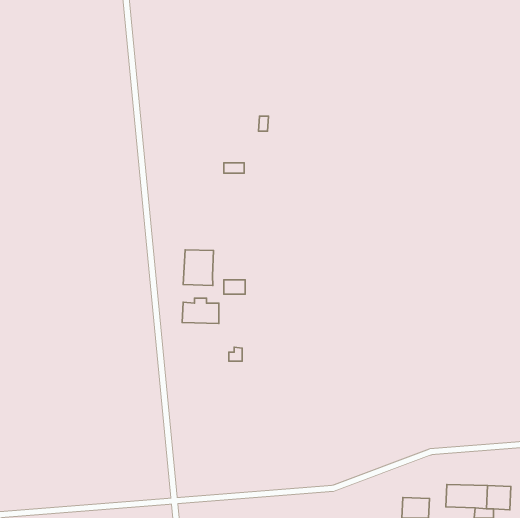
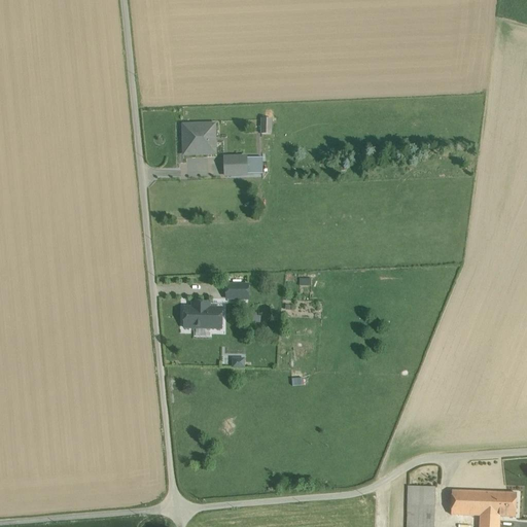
building: none -> [183,124,212,153]
building: [183,250,214,285] -> none
building: none -> [408,485,435,504]

